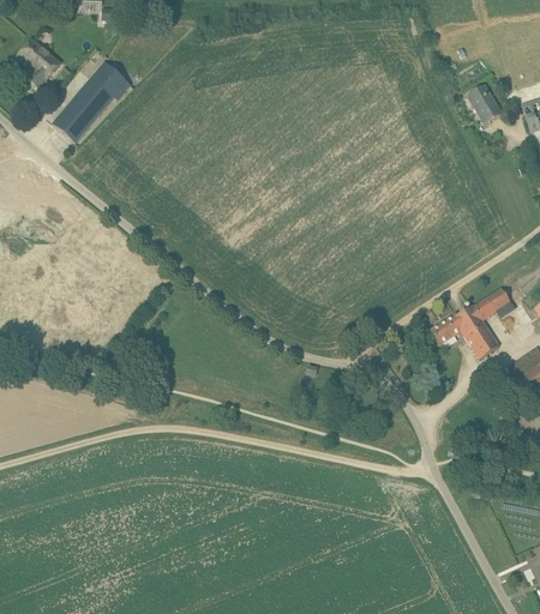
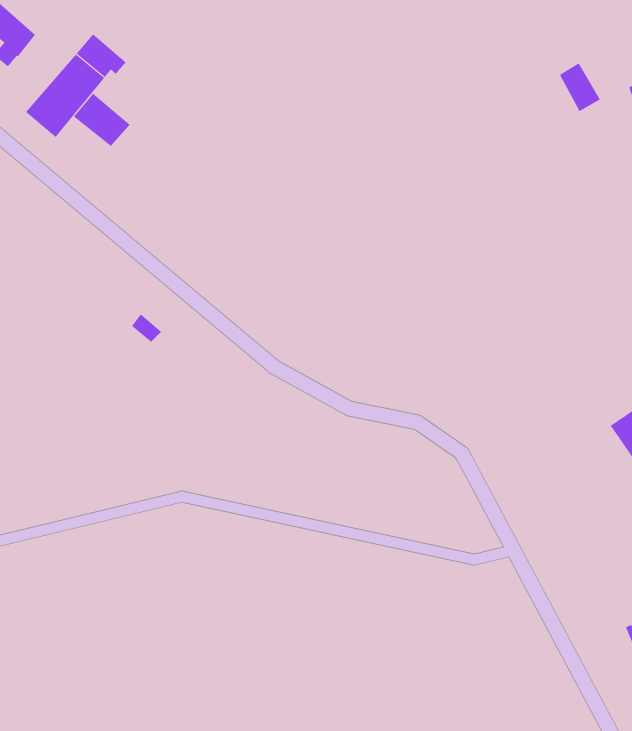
building: none -> [73,93,131,147]
building: [430,287,511,359] -> none

